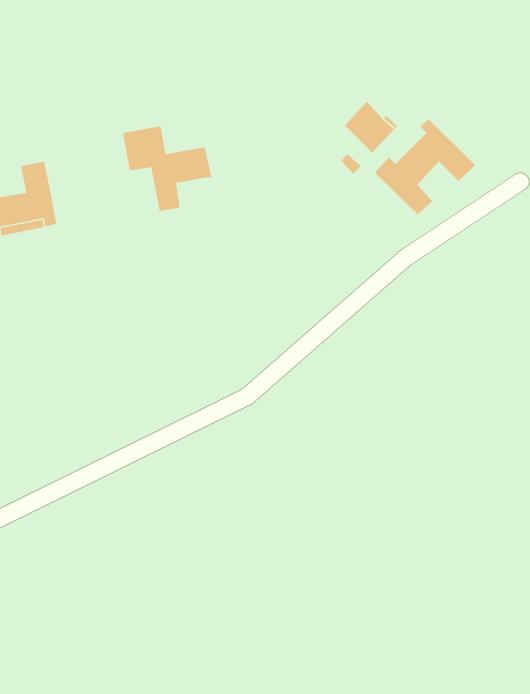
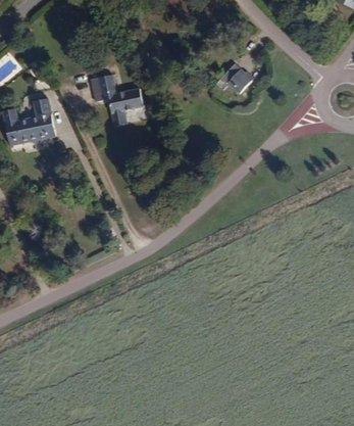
building: [374,118,476,215] -> none

